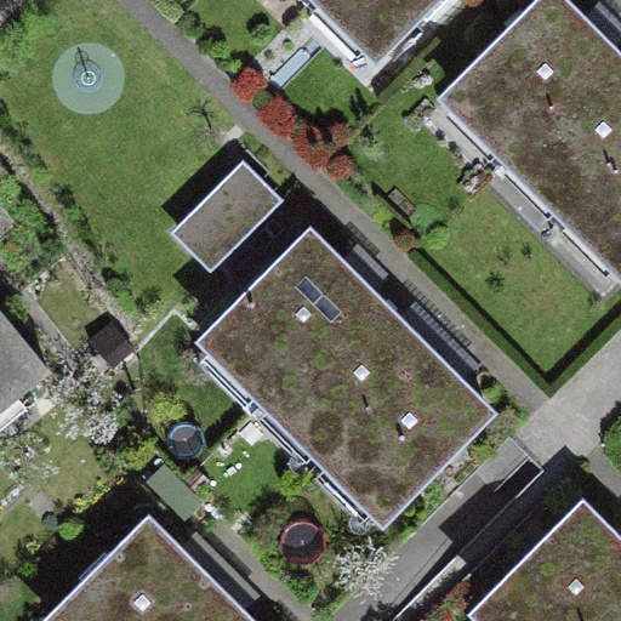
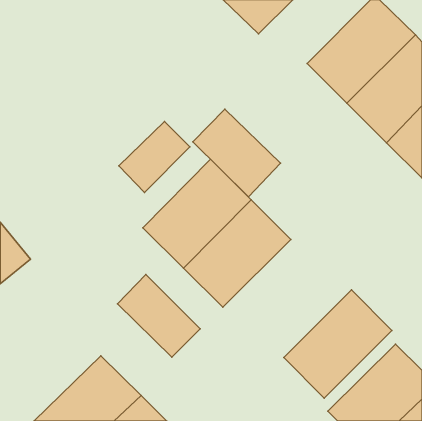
building: none -> [193,109,281,197]
building: [327,352,486,511] -> [284,290,392,398]
building: none -> [117,274,200,357]

